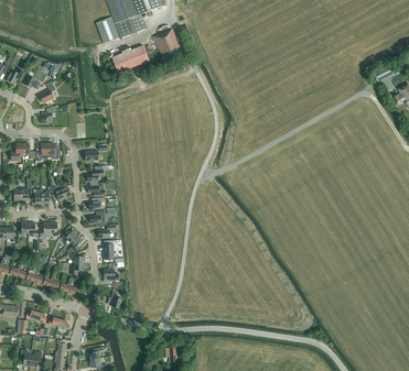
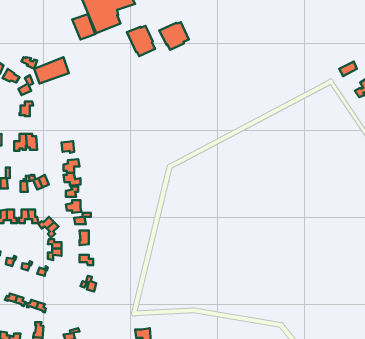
building: none -> [159,22,189,50]
building: [112,45,149,73] -> [34,57,69,84]

